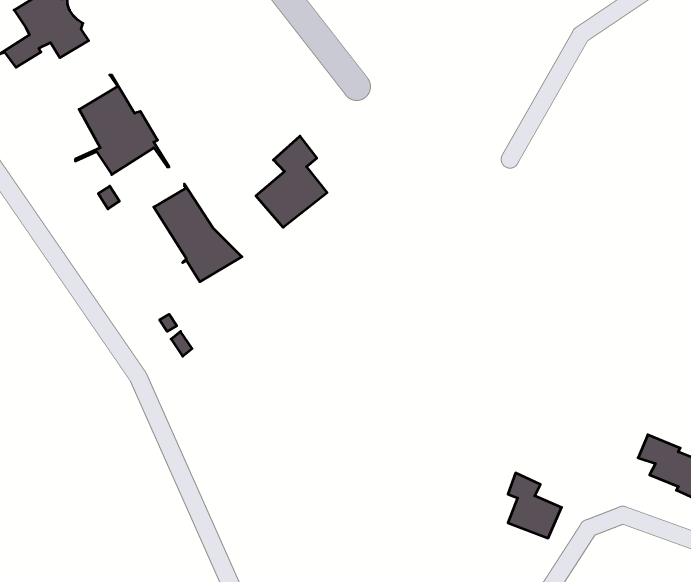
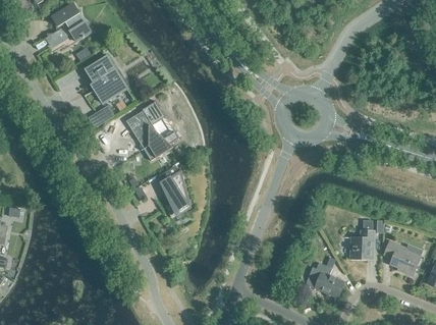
building: [256,136,327,227] -> none
building: none -> [159,168,190,215]
building: none -> [349,229,373,258]

